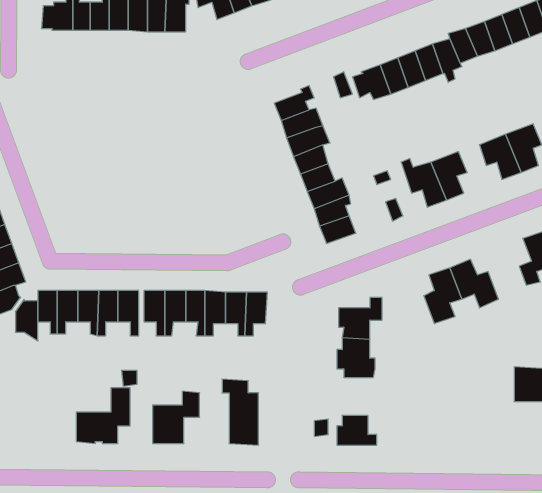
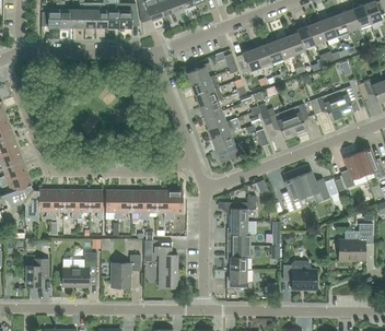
building: none -> [226,246,249,270]
building: none -> [25,259,48,286]
building: none -> [282,261,316,289]

